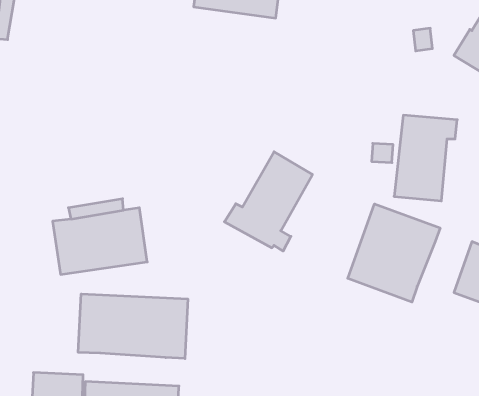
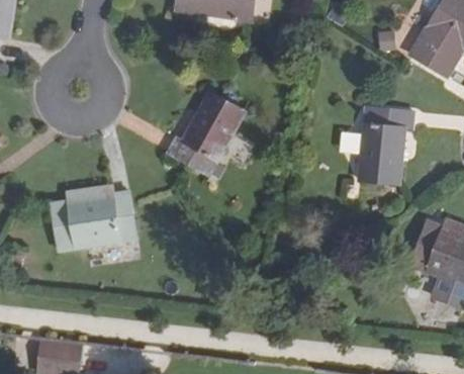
building: [224,152,312,251] -> [166,91,245,180]
building: [348,204,440,302] -> none
building: [78,294,188,359] -> none

